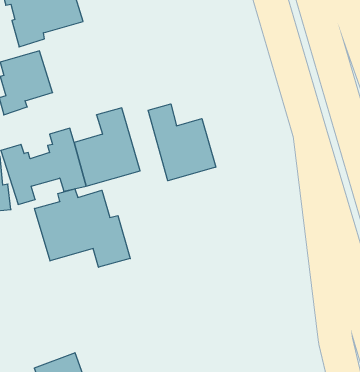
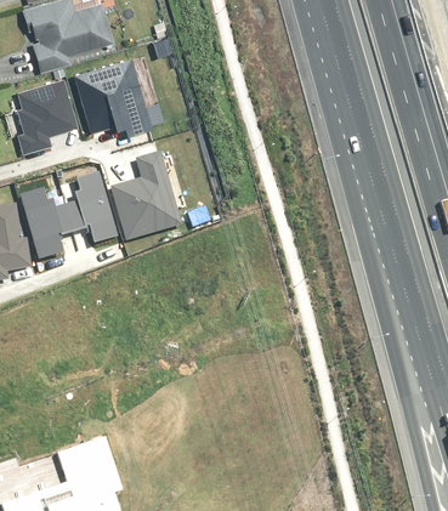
building: none -> [79,58,151,131]
building: [148,104,216,181] -> none
building: [35,189,130,267] -> none

